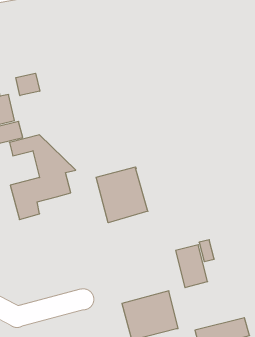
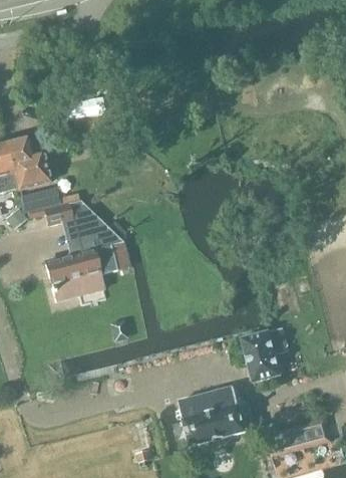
building: [16,73,40,96] -> none
building: [96,167,148,223] -> none

